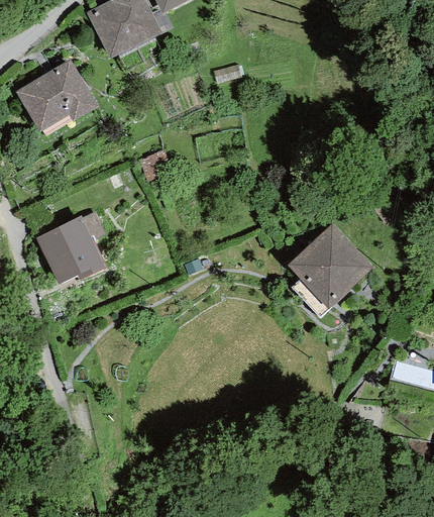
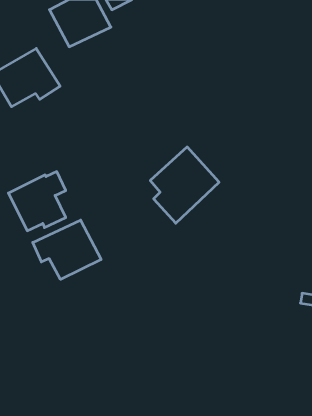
building: [288,223,372,317] -> [150,147,219,223]
building: none -> [33,220,101,279]

